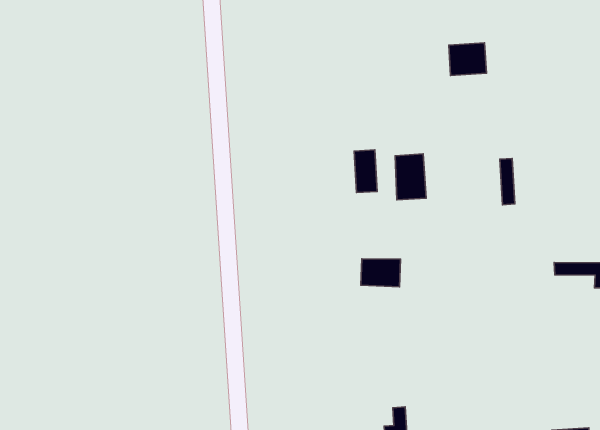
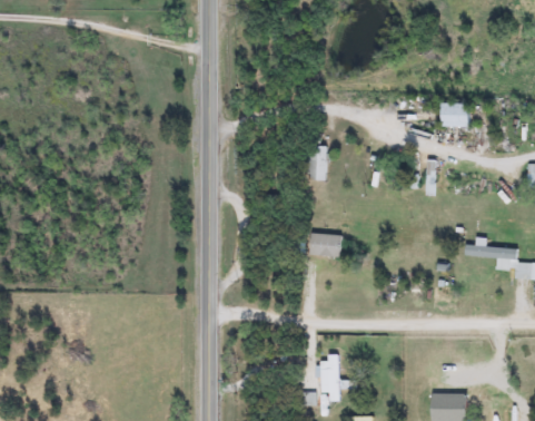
building: [449,43,486,75] -> [440,102,469,127]
building: [395,154,426,200] -> none

